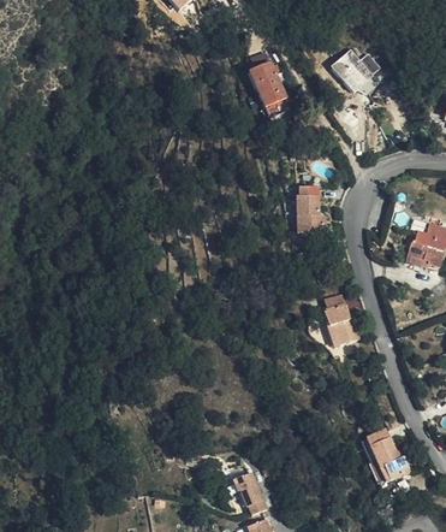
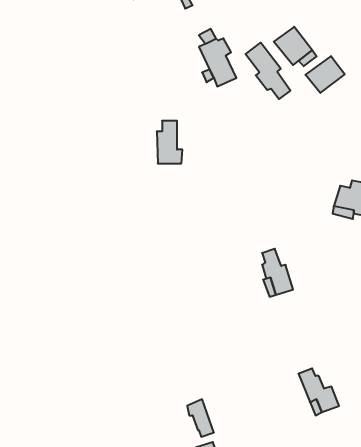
building: none -> [246,43,290,99]
building: none -> [305,56,345,93]
building: [292,189,321,237] -> [157,121,182,163]

